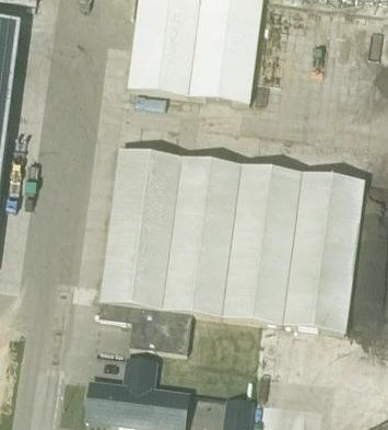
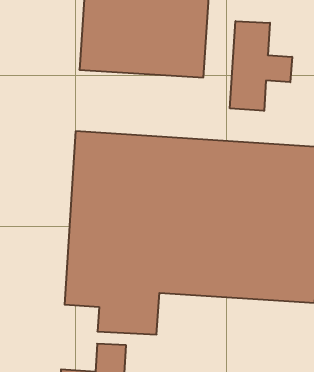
building: none -> [230,21,292,111]

